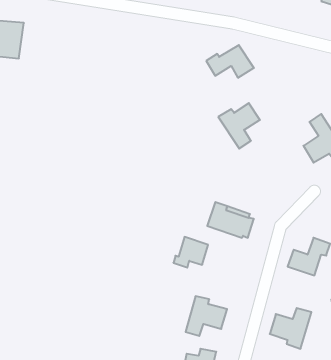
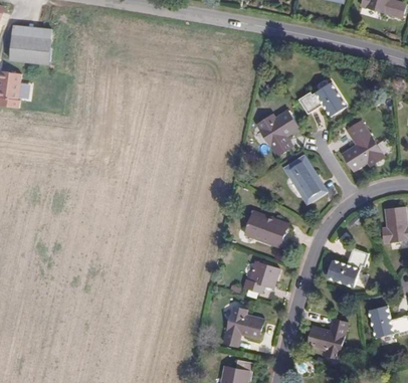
building: [206,45,254,78] -> [297,82,346,116]
building: none -> [285,158,323,202]
building: [173,237,208,268] -> [243,260,278,292]

